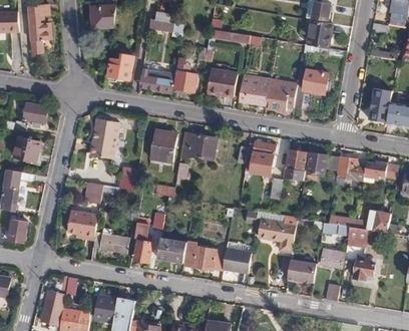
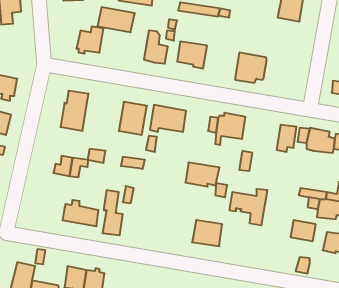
building: [138,65,175,90] -> [97,7,135,32]
building: [296,67,329,93] -> none
building: [238,73,270,104] -> none
building: [285,148,307,180] -> none
building: [67,208,97,235] -> none
building: [156,237,185,263] -> none
building: [190,245,225,269] -> [185,163,220,187]
building: [287,258,316,281] -> none

